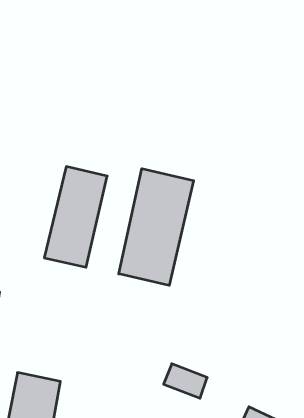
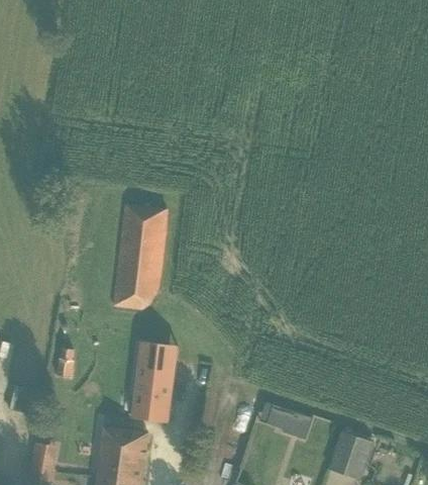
building: [119,169,194,285] -> none
building: none -> [128,343,177,425]

